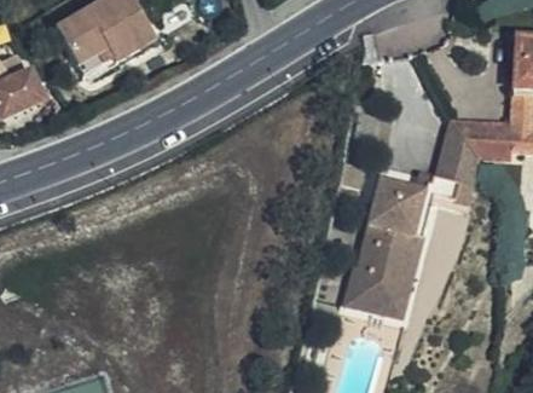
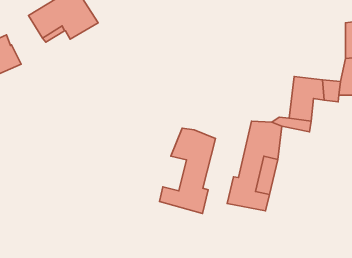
building: none -> [160,128,216,214]

